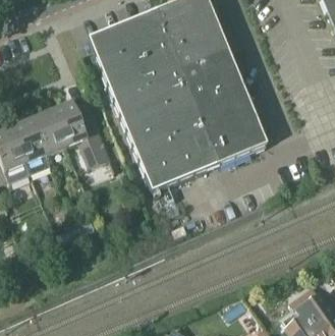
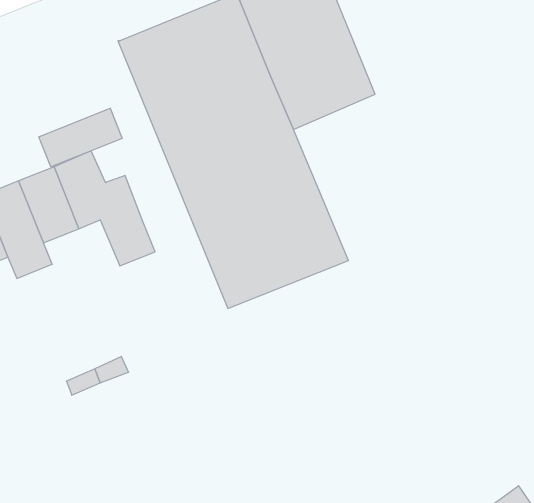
building: [188,66,267,162] -> none
building: none -> [39,108,122,167]

